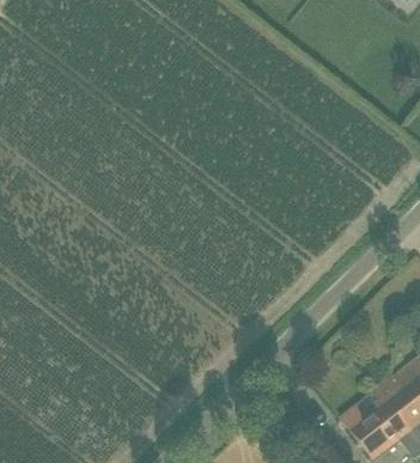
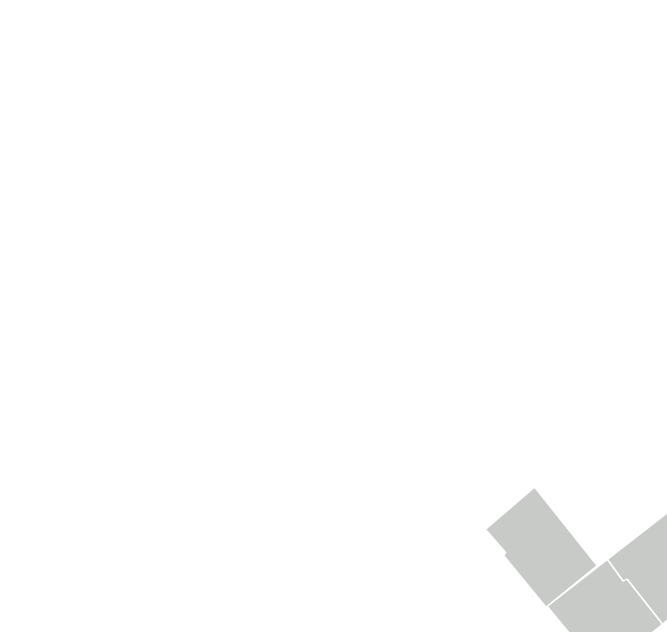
building: none -> [485,487,597,607]

